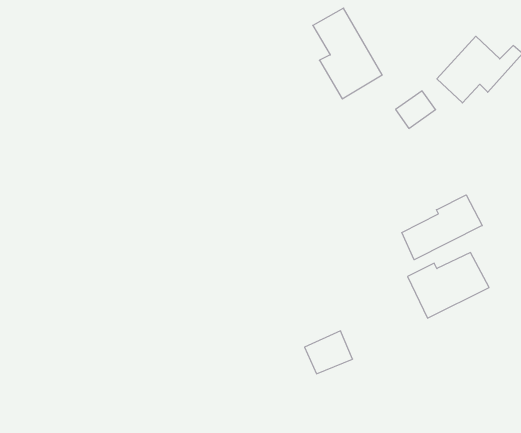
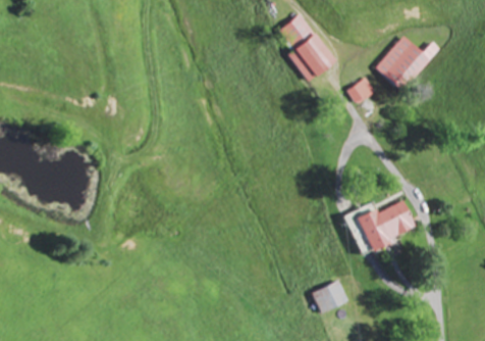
building: [402,195,482,260] -> none
building: [305,331,353,374] -> [311,280,347,312]

